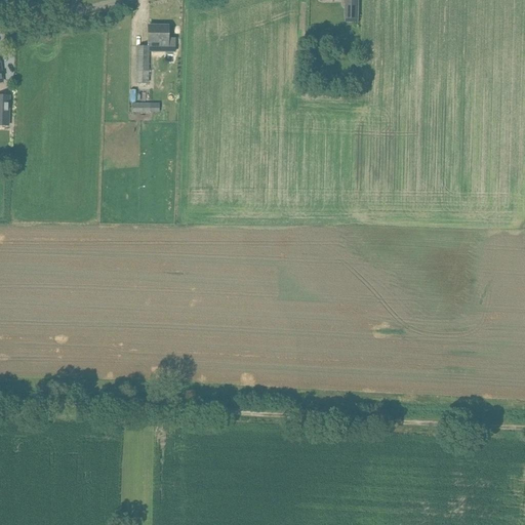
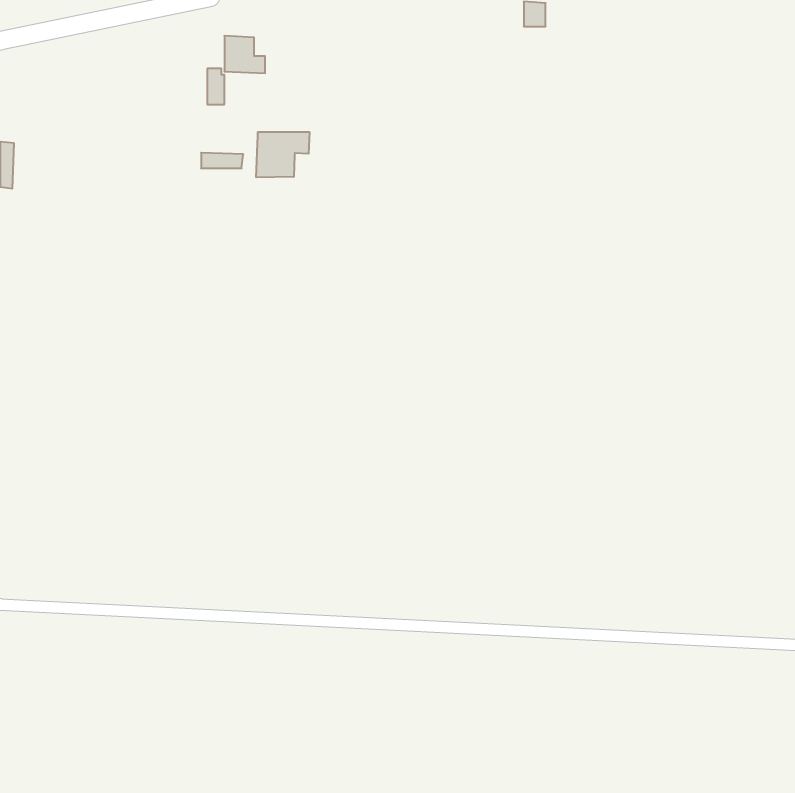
building: none -> [256,132,309,177]

